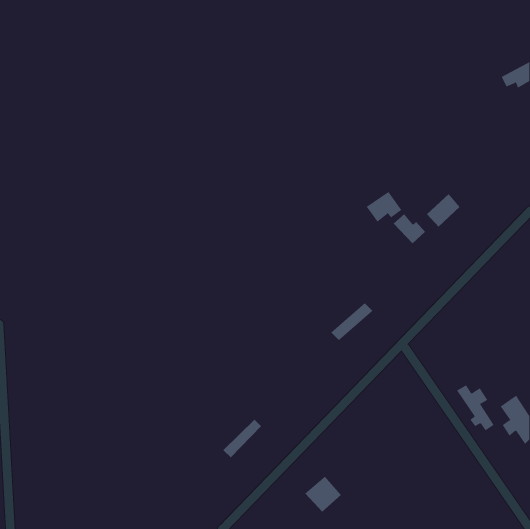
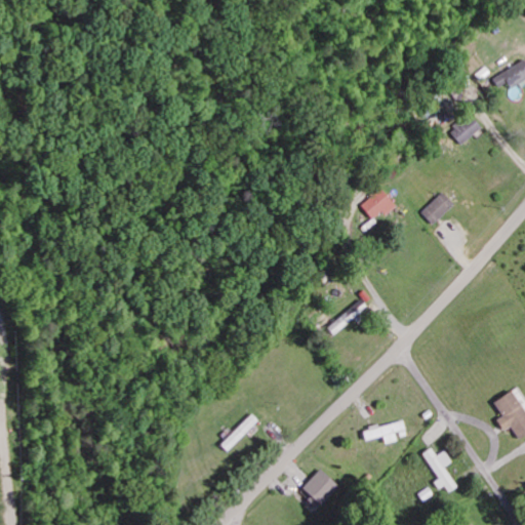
building: none -> [452,115,484,144]
building: [393,213,426,244] -> none
building: [456,384,495,431] -> [421,447,459,493]
building: none -> [362,420,406,444]

